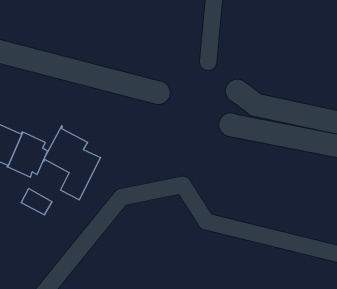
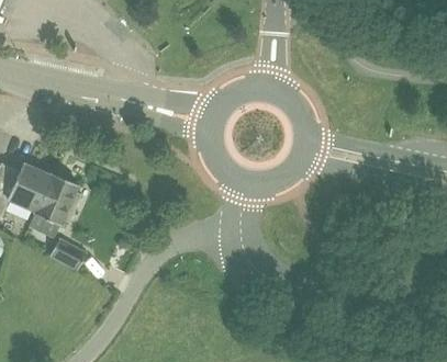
building: [43,126,101,200] -> none

